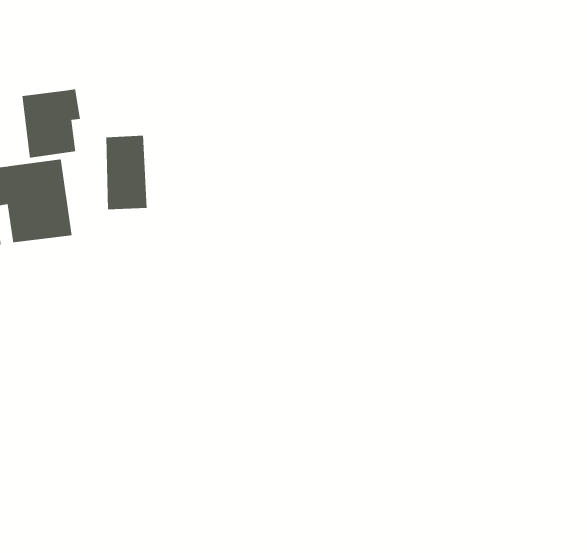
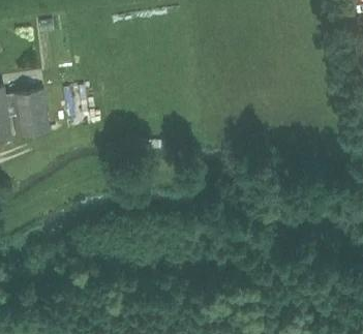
building: [22,89,81,159] -> none

